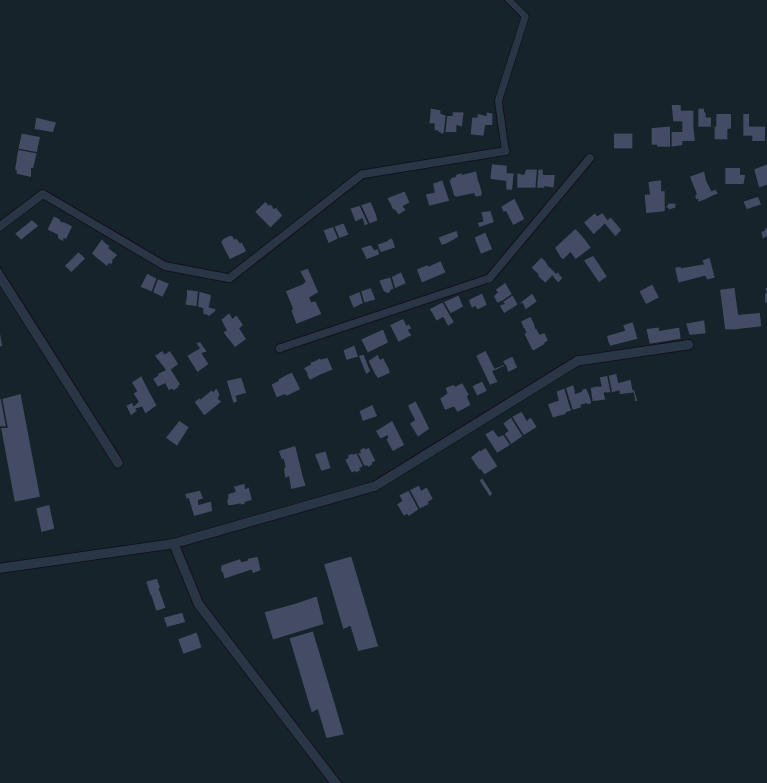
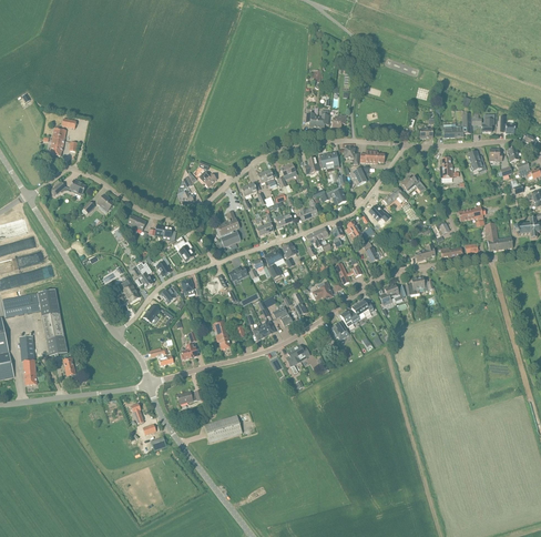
building: [323,555,379,652] -> none
building: [288,631,345,739] -> none

